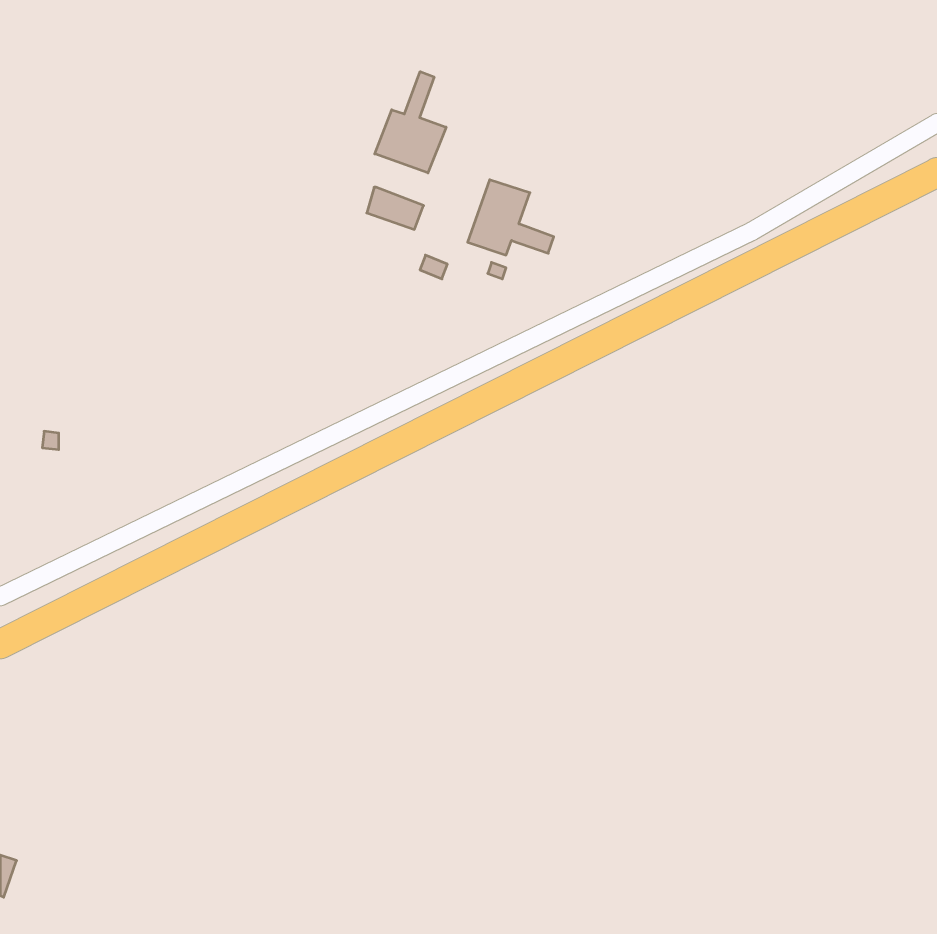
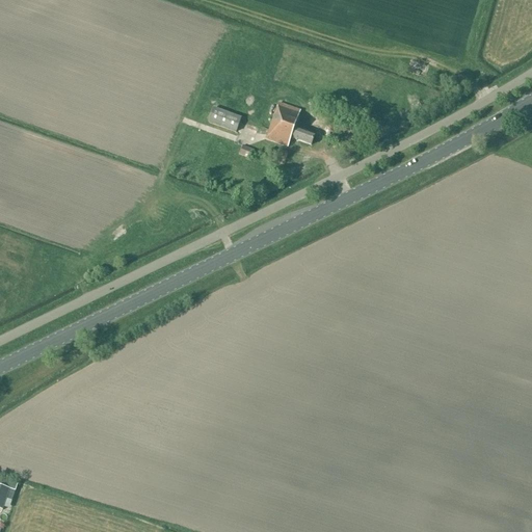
building: [375,72,446,173] -> none

